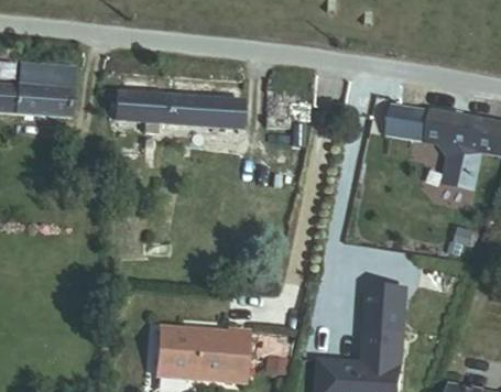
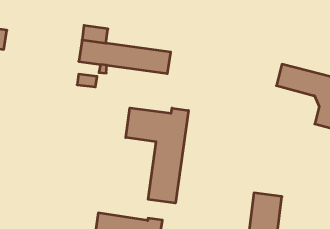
building: [11,61,68,116] -> none
building: none -> [126,108,188,203]

